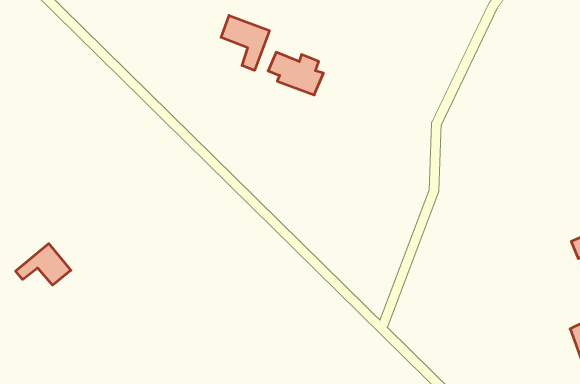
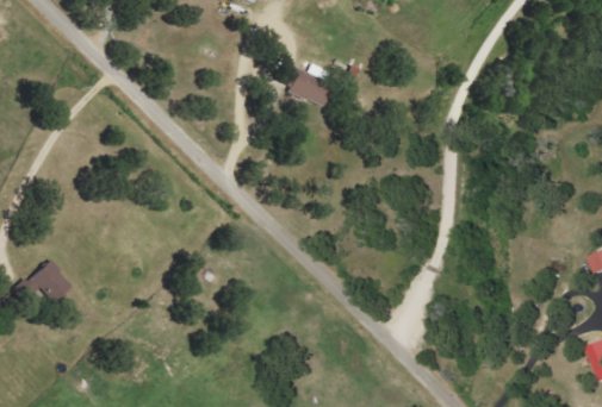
building: [221,15,269,70] -> none

